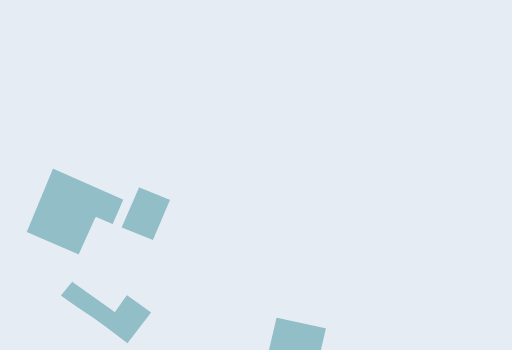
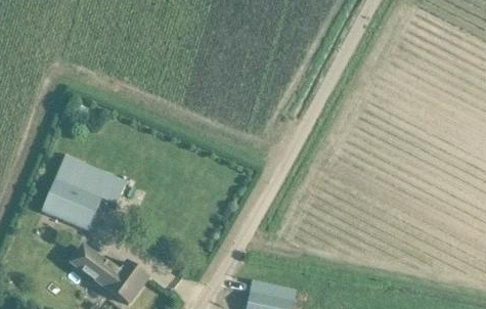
building: [121,186,171,241] -> none

